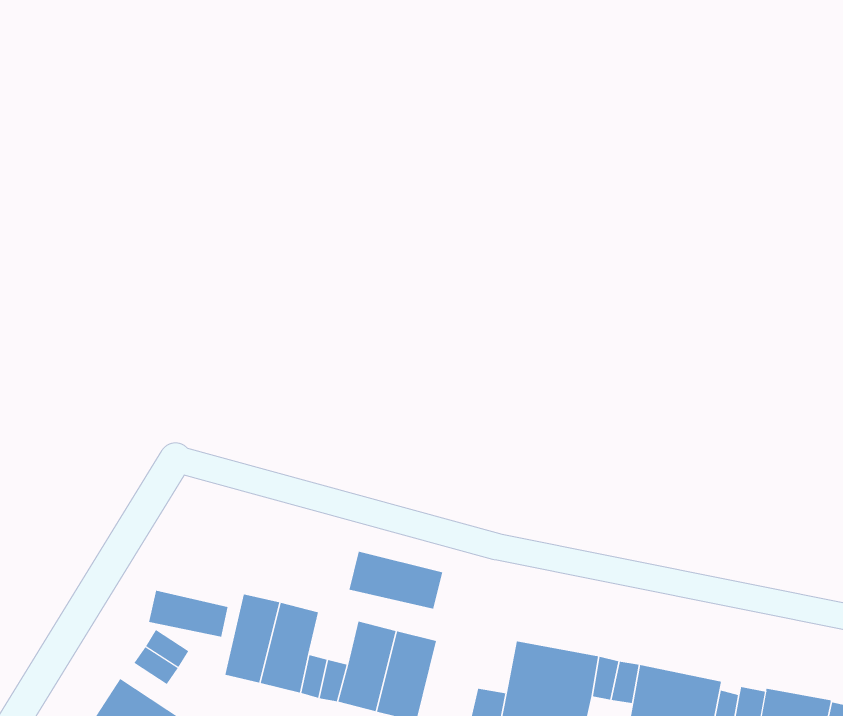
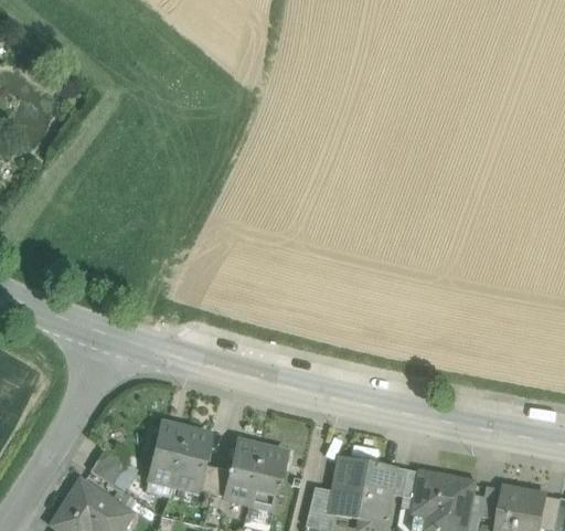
building: [349,551,443,610] -> none
building: [148,590,228,638] -> none

